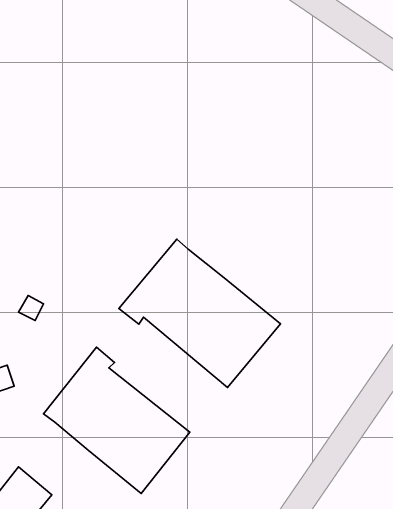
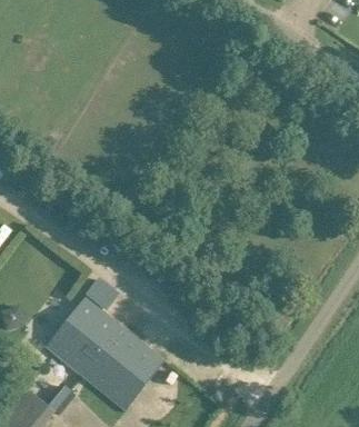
building: [119,239,281,387] -> none

